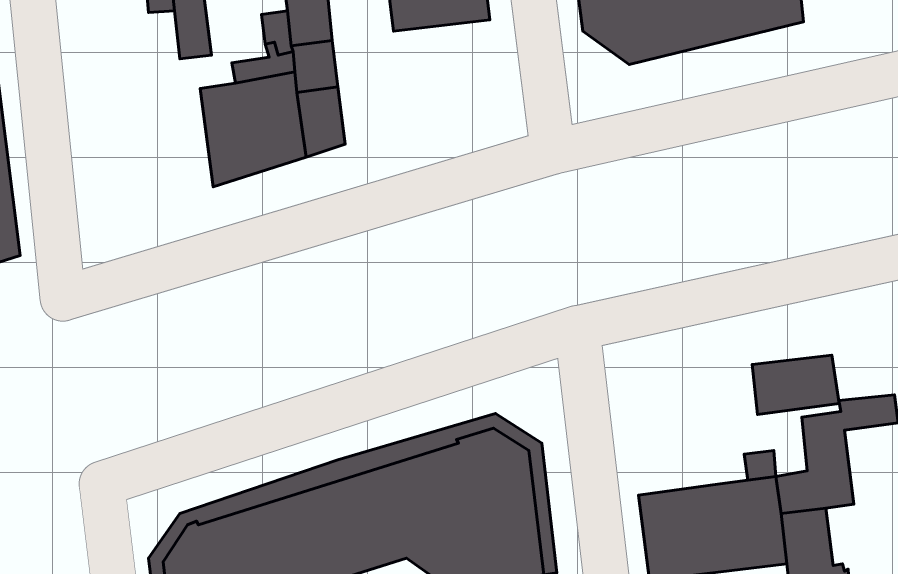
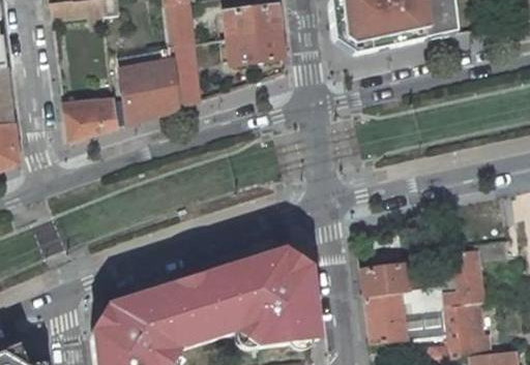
building: none -> [228,31,285,64]
building: none -> [64,94,118,142]
building: [752,355,839,415] -> [361,263,410,296]

